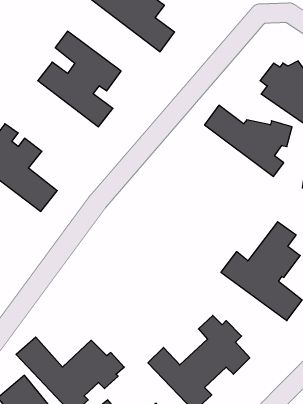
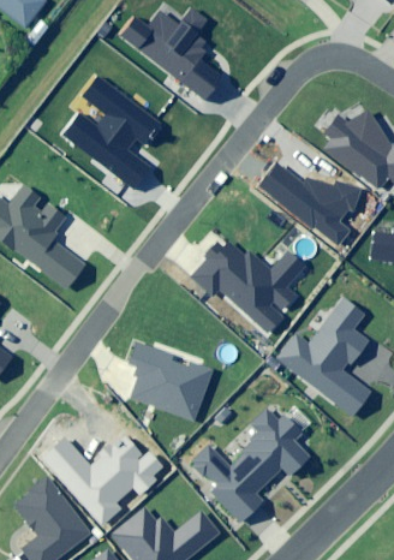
building: none -> [192,243,305,333]
building: none -> [129,344,211,418]

